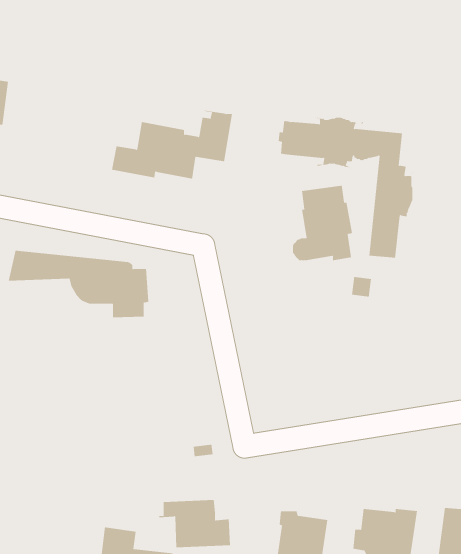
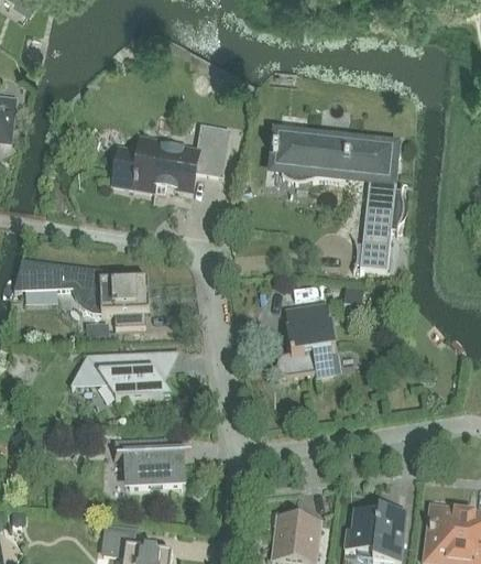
building: [292,185,353,261] -> [277,303,336,376]
building: none -> [72,351,172,399]
building: [158,499,231,548] -> [112,438,182,485]

